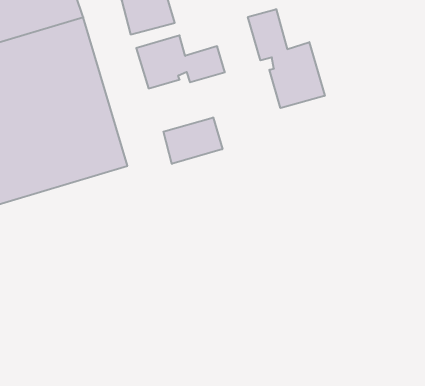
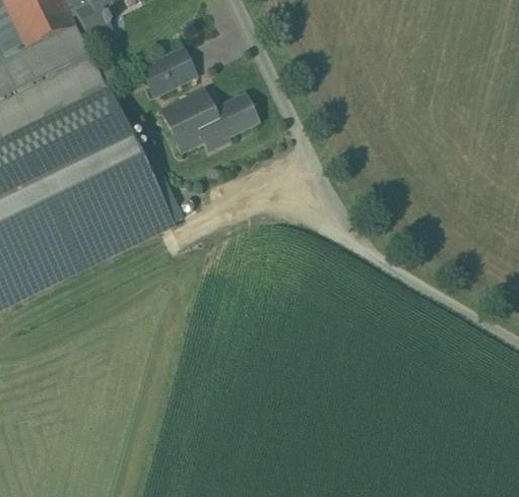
building: [248,9,325,108] -> none
building: [163,117,222,164] -> none

